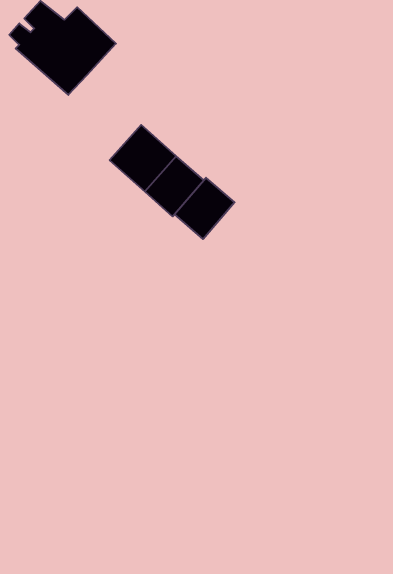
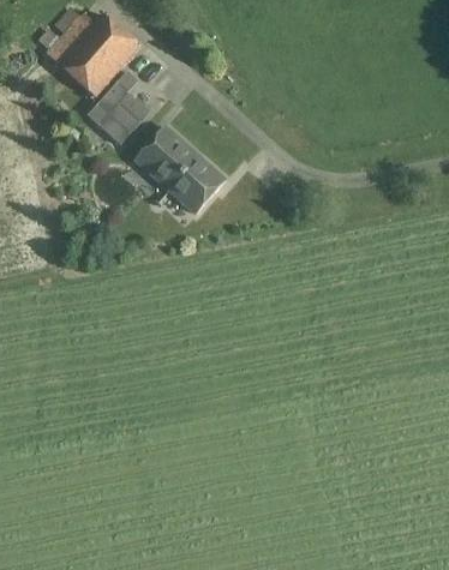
building: none -> [86,68,149,143]
building: [174,178,235,239] -> none

